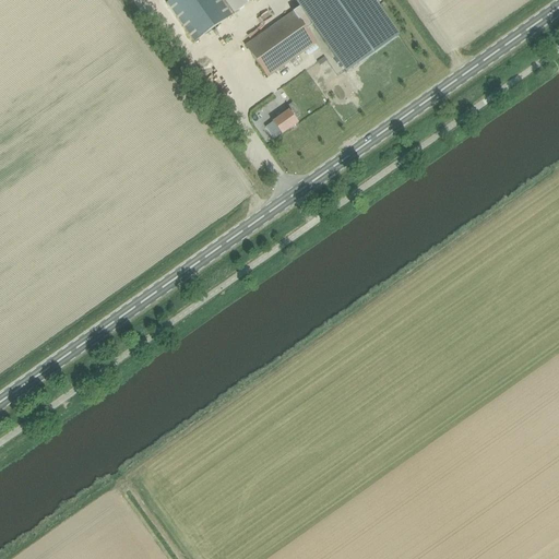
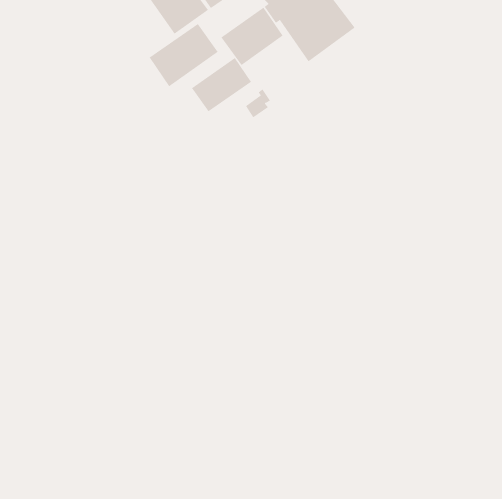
building: none -> [149,23,219,87]
building: none -> [191,57,252,112]

